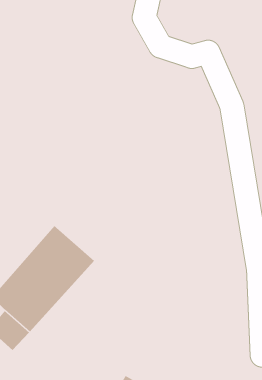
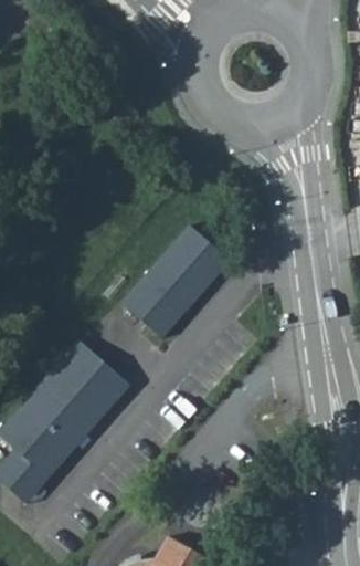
building: none -> [121,224,232,338]

